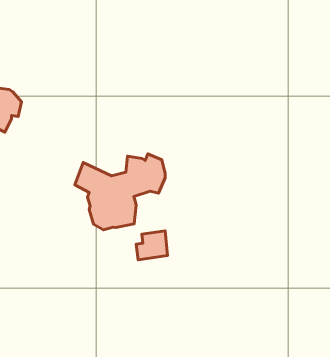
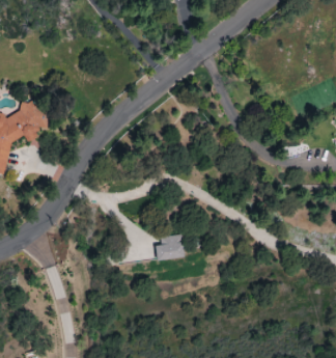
building: [75,154,165,230] -> none

